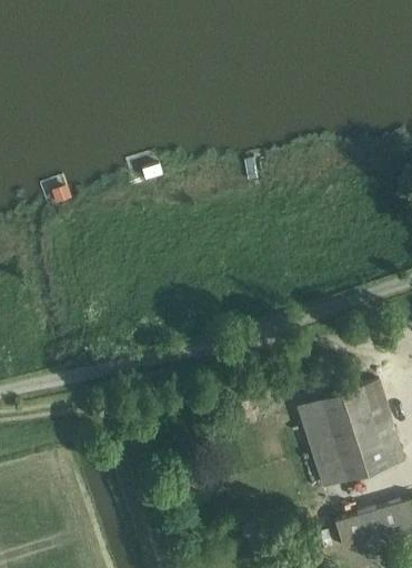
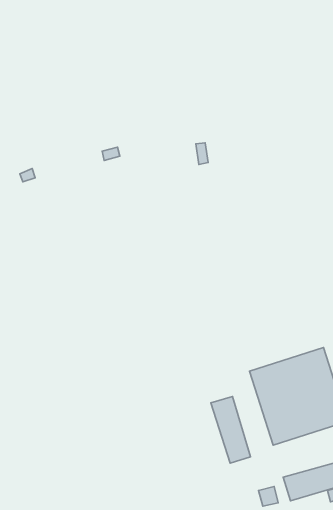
building: none -> [211,396,251,463]

